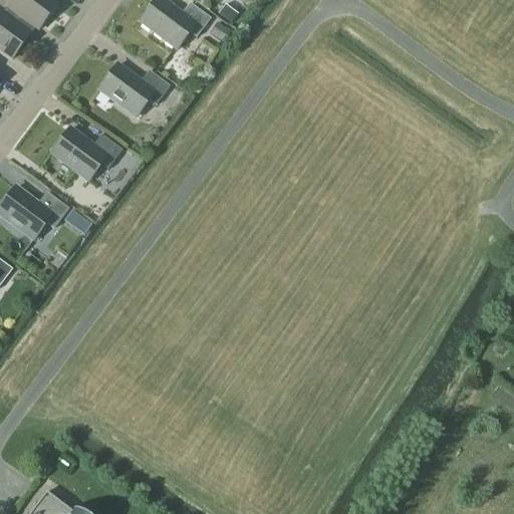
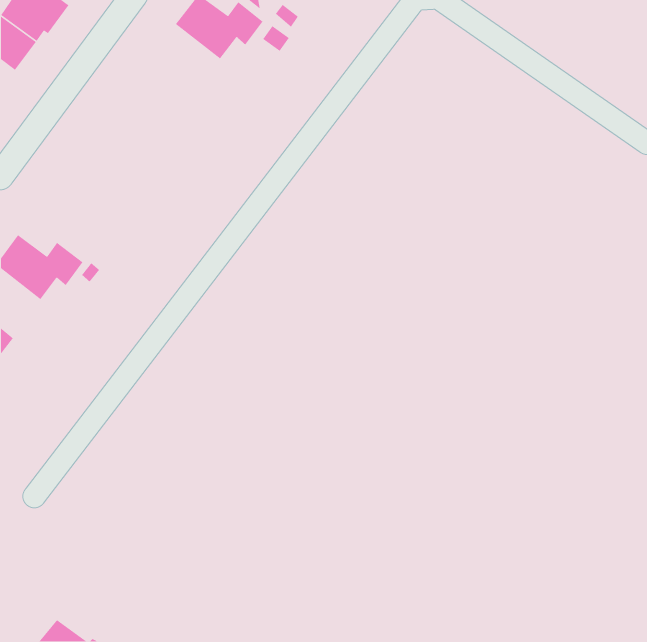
building: [98,63,169,115] -> none
building: [50,126,120,179] -> none

